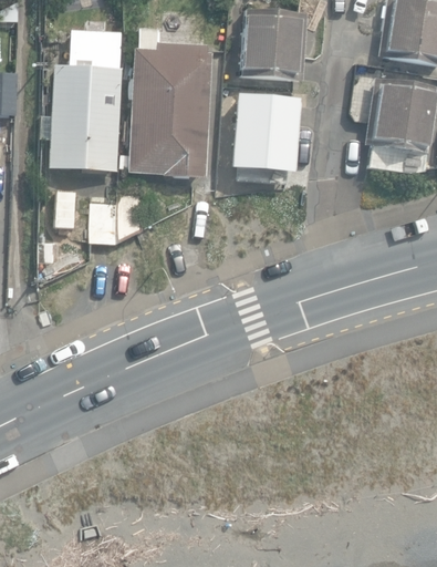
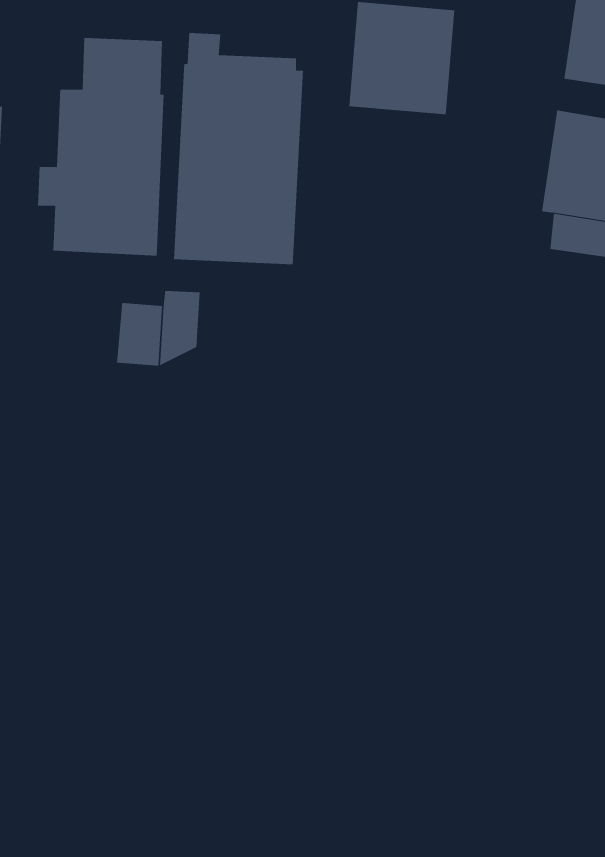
building: [235,96,303,167] -> none

